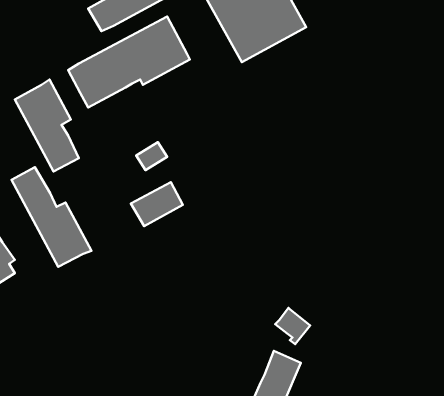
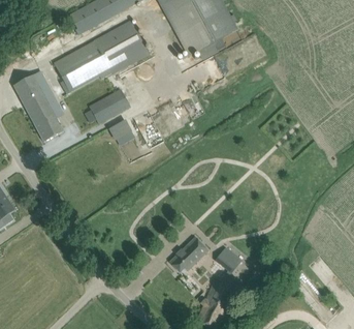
building: [11,167,92,267] -> none
building: [131,182,183,226] -> [89,89,129,123]
building: none -> [169,236,208,271]

